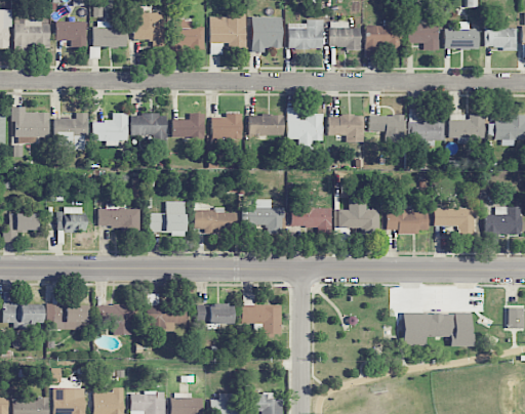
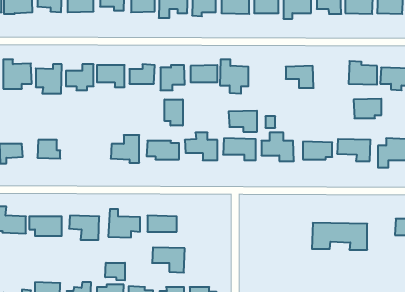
building: [327,115,363,141] -> [229,111,257,132]
building: [409,119,444,143] -> [354,99,381,118]
building: none -> [165,99,183,126]
building: [97,203,139,233] -> none
building: [240,304,281,336] -> [152,247,185,273]
building: none -> [105,263,125,280]

